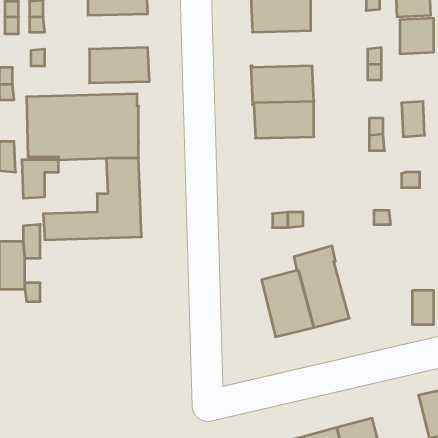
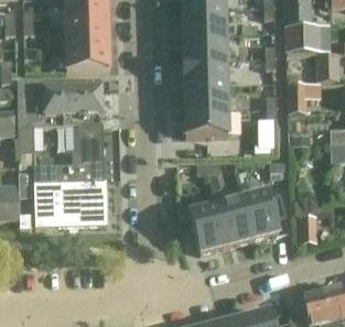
building: none -> [65,20,108,45]
building: none -> [183,32,226,58]
building: none -> [185,108,228,134]
building: none -> [34,179,107,226]
building: none -> [241,190,279,238]

